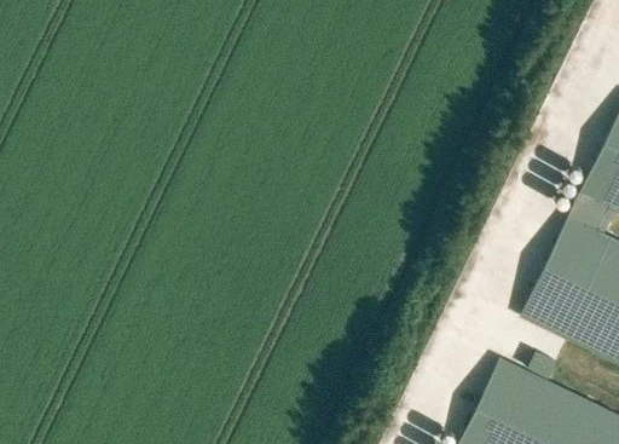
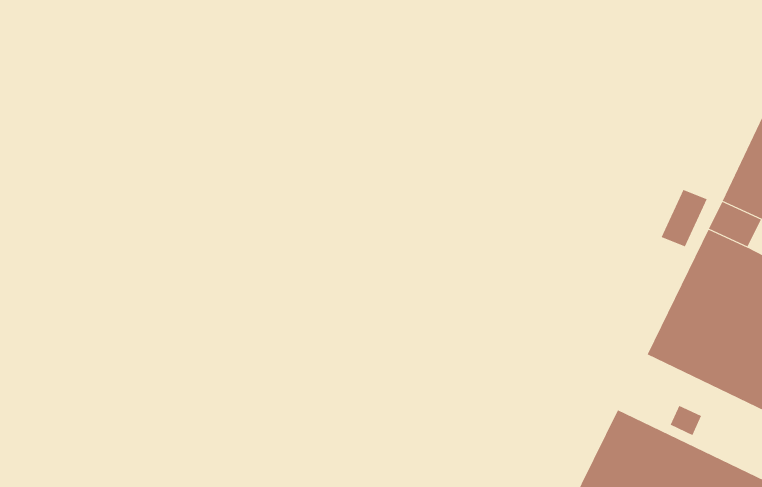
building: none -> [661,189,707,247]

